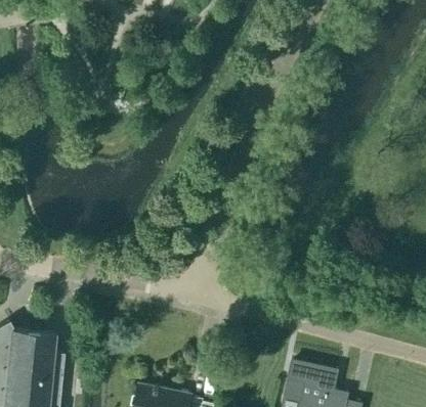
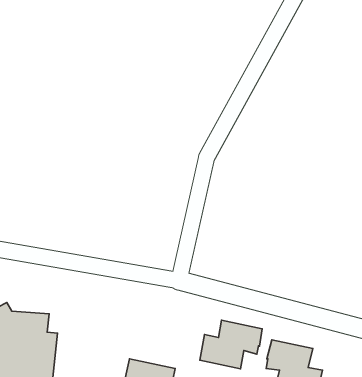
building: none -> [200,320,262,369]

